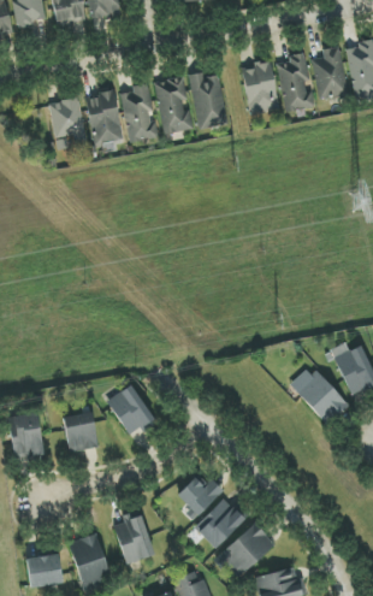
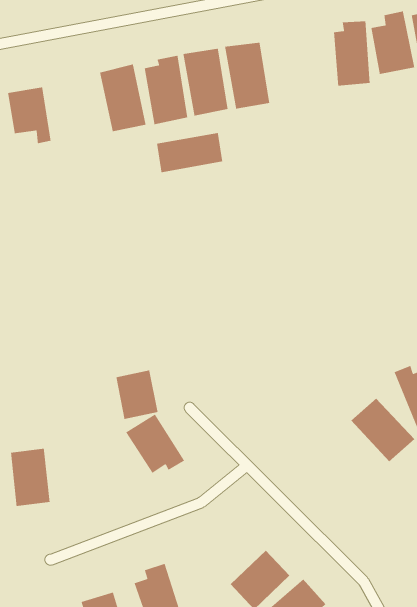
building: [241,61,279,114] -> none
building: [49,98,87,146] -> [7,87,52,144]
building: none -> [156,132,223,173]
building: [63,411,99,453] -> [115,370,158,420]
building: [174,476,223,518] -> none

